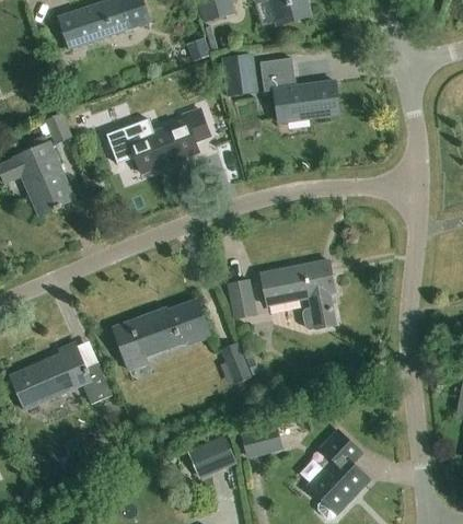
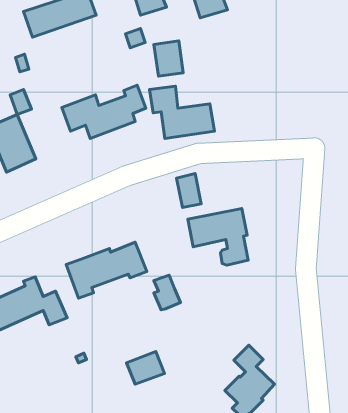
building: [261,58,340,123] -> [150,86,214,138]
building: [225,278,256,319] -> [176,174,201,207]
building: [240,426,280,457] -> none

